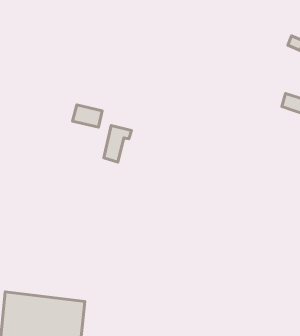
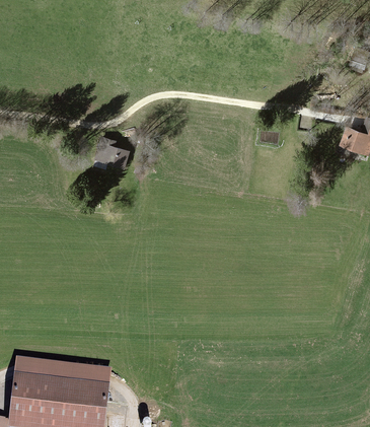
building: [104,126,131,162] -> none

